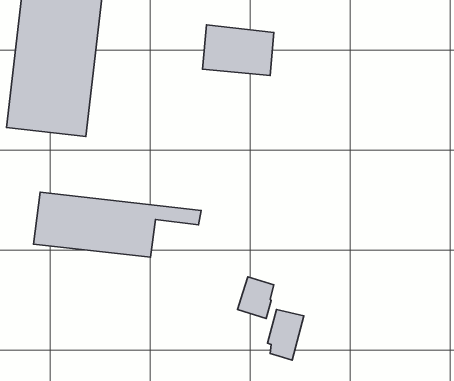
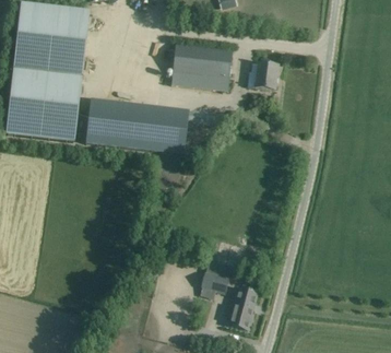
building: none -> [251,62,277,90]
building: [34,192,201,257] -> [85,98,226,153]

